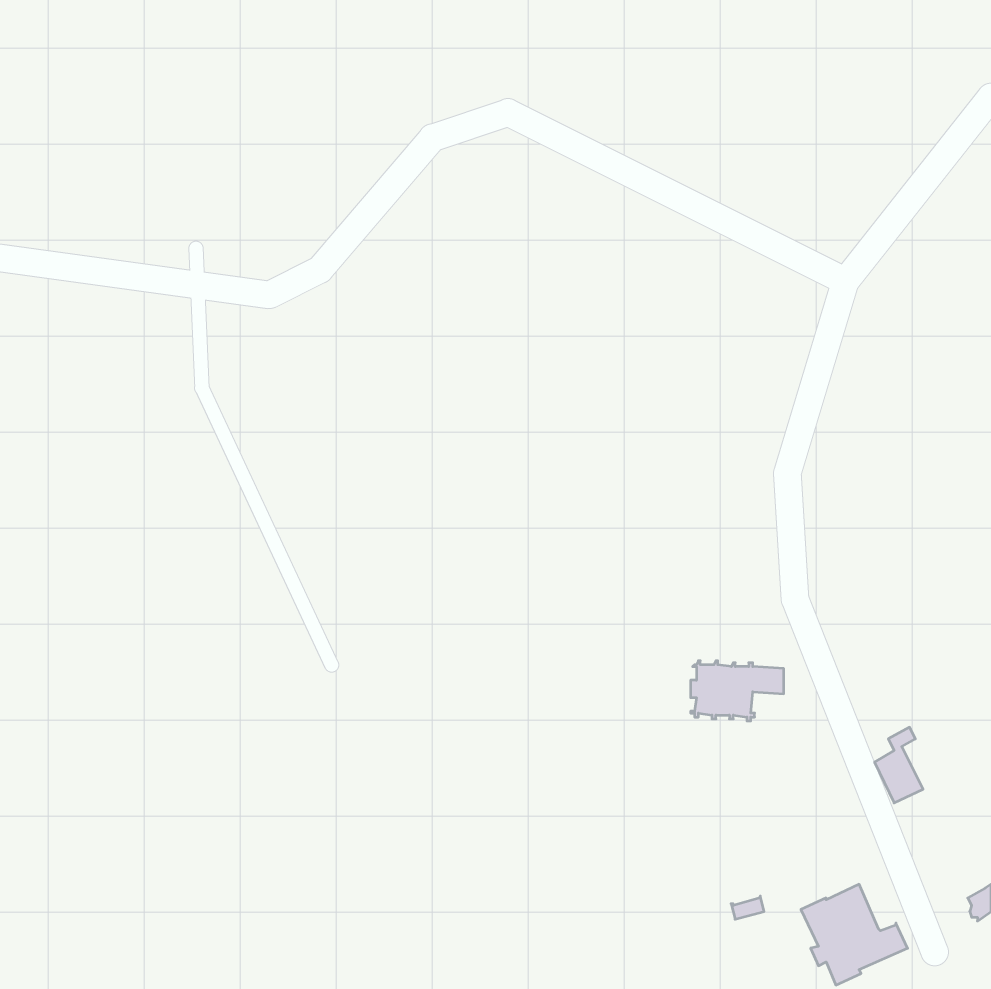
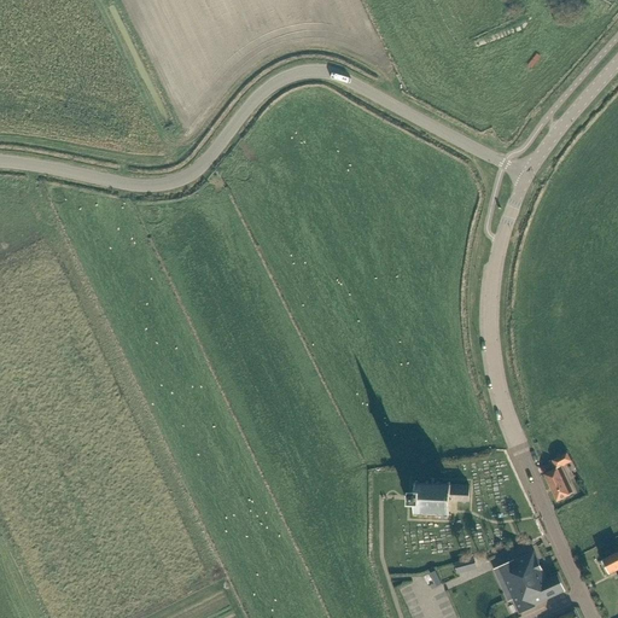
building: [691,661,784,721] -> [412,480,470,518]

